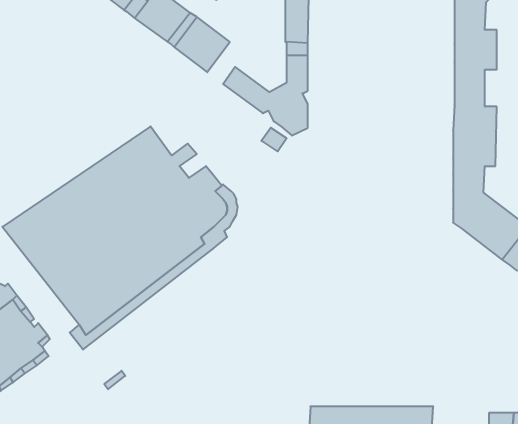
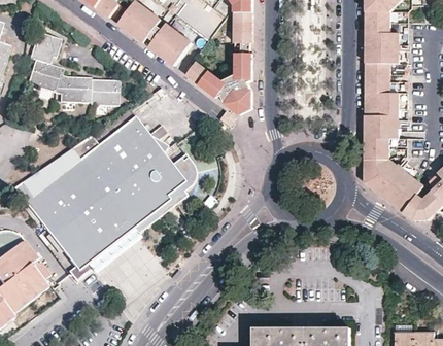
building: none -> [34,31,120,100]

